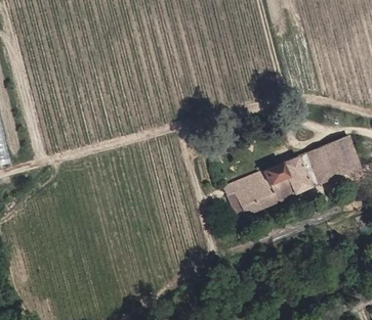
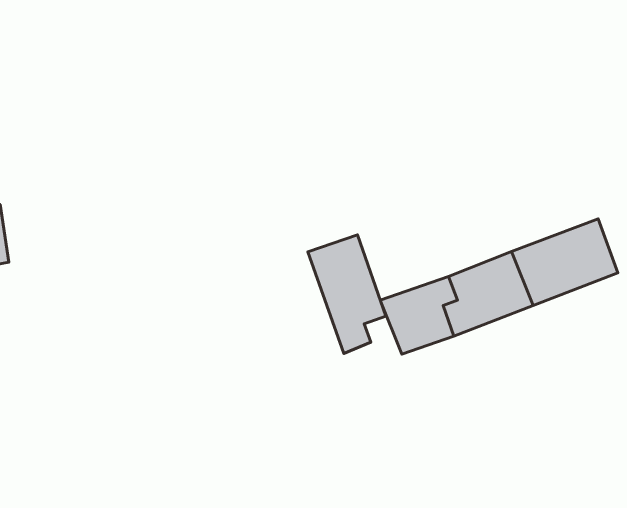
building: none -> [308,235,386,354]

